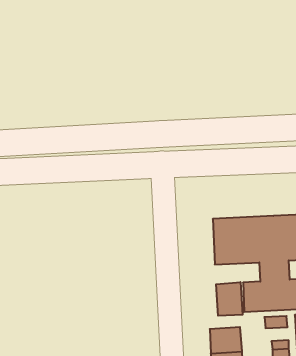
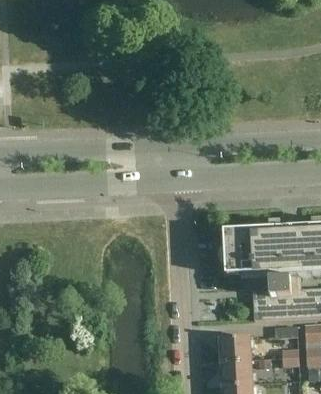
building: [216,282,243,316] -> none

